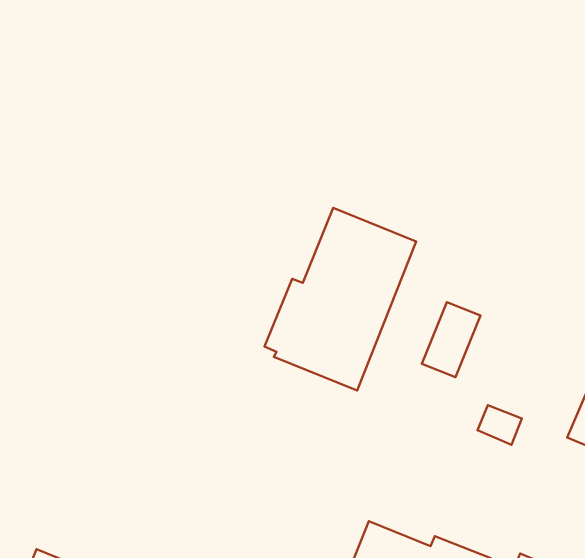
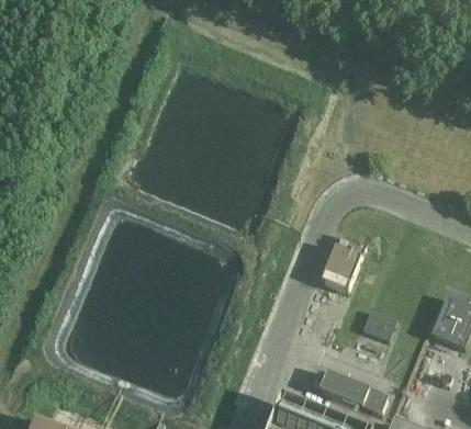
building: [264,208,416,391] -> none
building: none -> [318,370,385,413]

